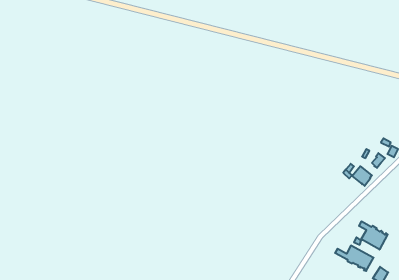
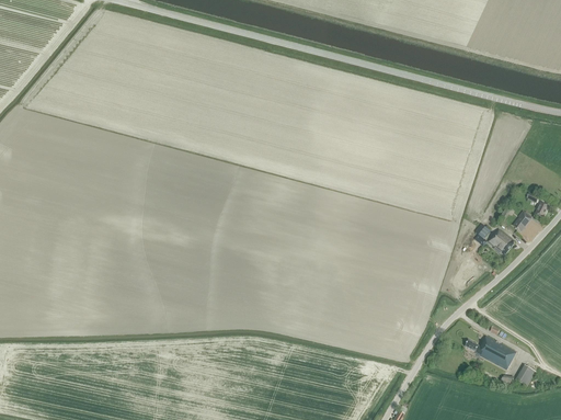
building: [359,221,388,250] -> none

